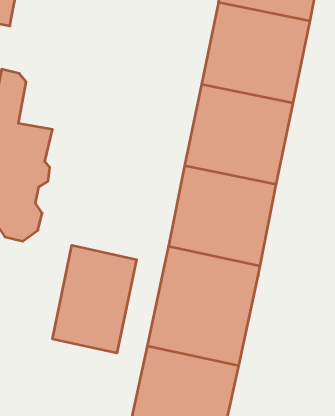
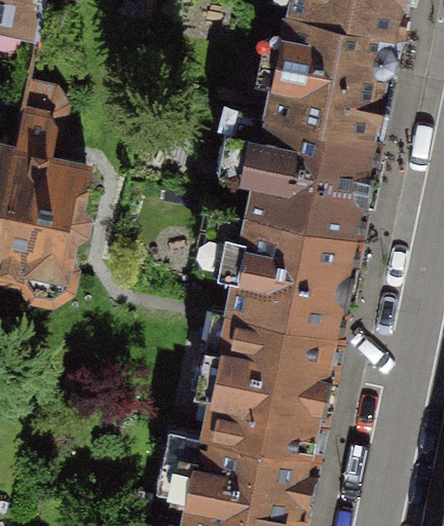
building: [53,245,137,353] -> none

